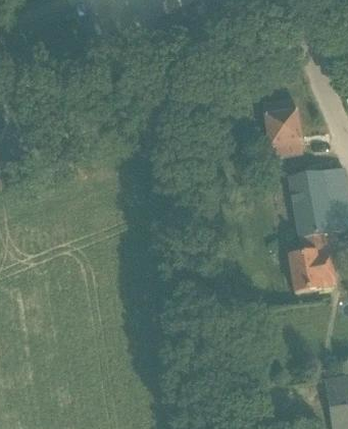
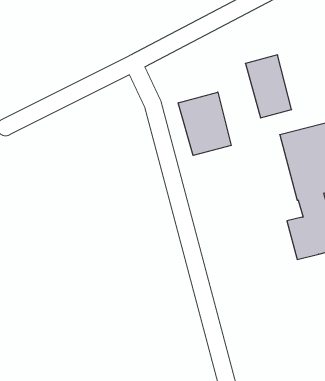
building: none -> [178,92,231,155]

